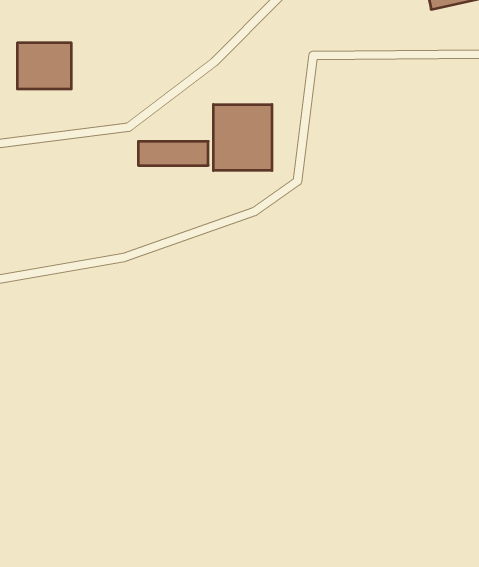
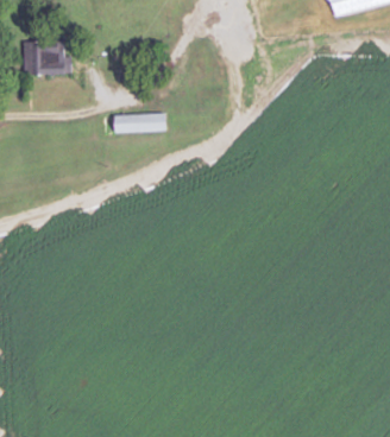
building: [213,104,272,171] -> none

